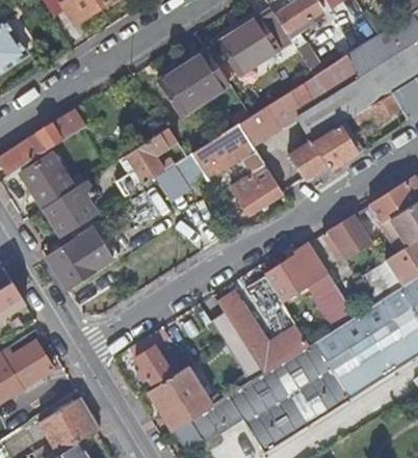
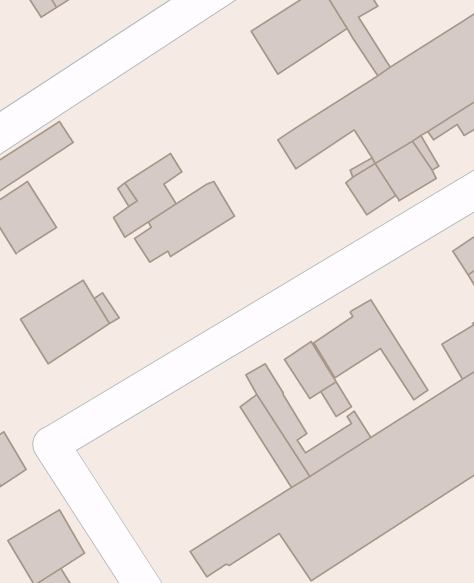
building: [158,50,230,115] -> none
building: [191,123,256,180] -> none
building: [233,164,284,213] -> none
building: [46,181,95,234] -> none
building: [324,215,373,263] -> none
building: [128,339,219,432] -> none

